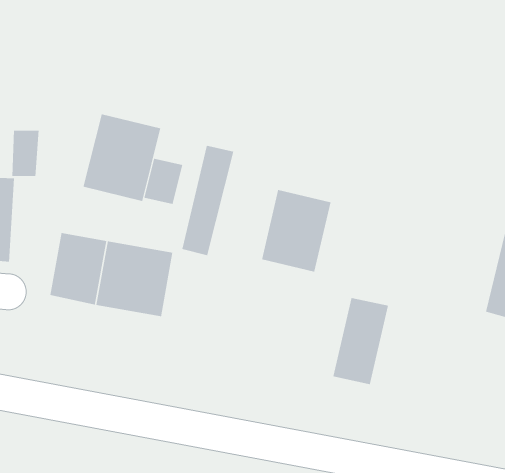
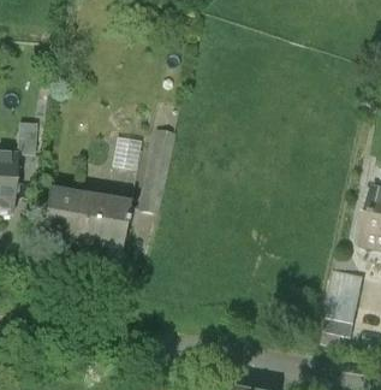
building: [83,113,161,202] -> none
building: [261,189,331,272] -> none
building: [333,297,389,385] -> [323,267,364,331]

